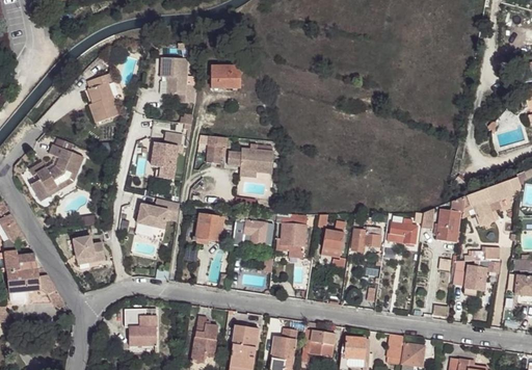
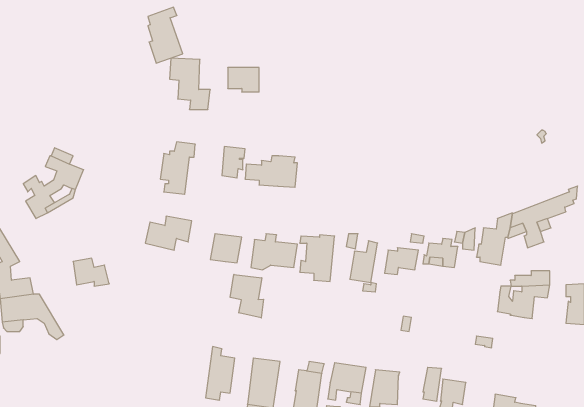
building: [87,73,118,123] -> [148,7,183,63]
building: none -> [230,274,264,318]
building: [124,308,156,345] -> none

